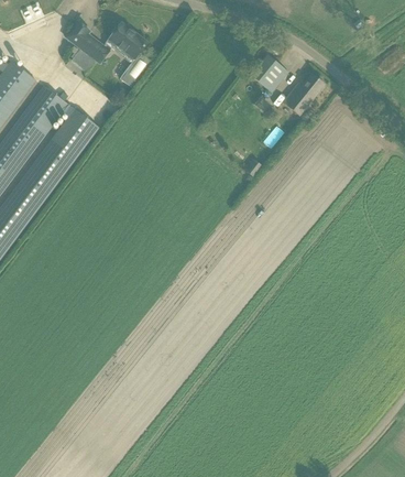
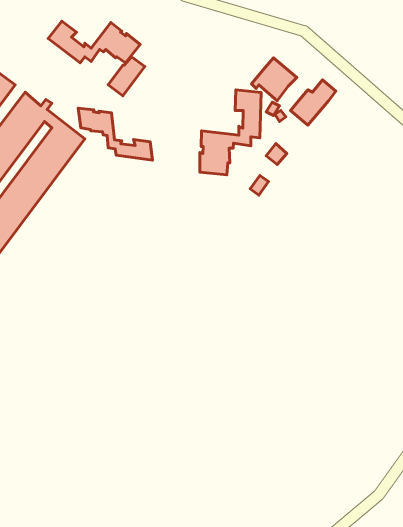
building: none -> [200,90,261,175]
building: none -> [78,108,153,160]

